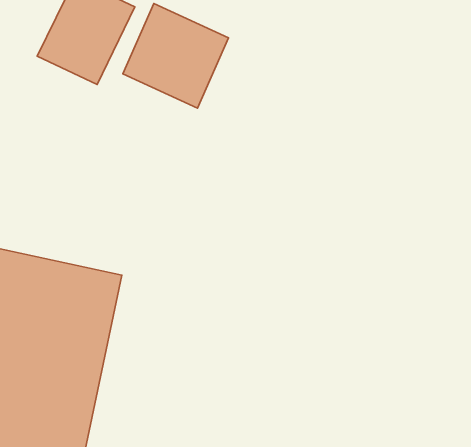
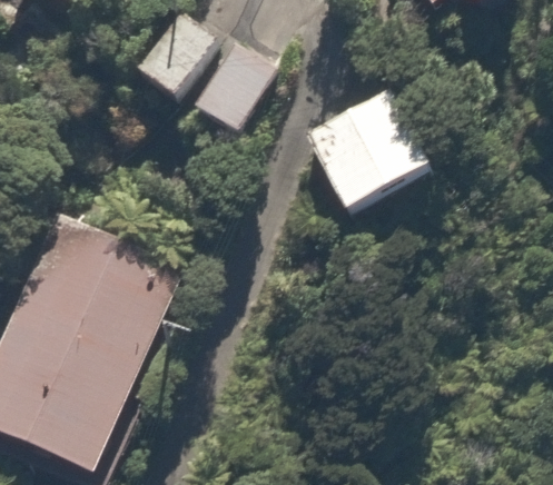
building: none -> [303,80,446,221]

